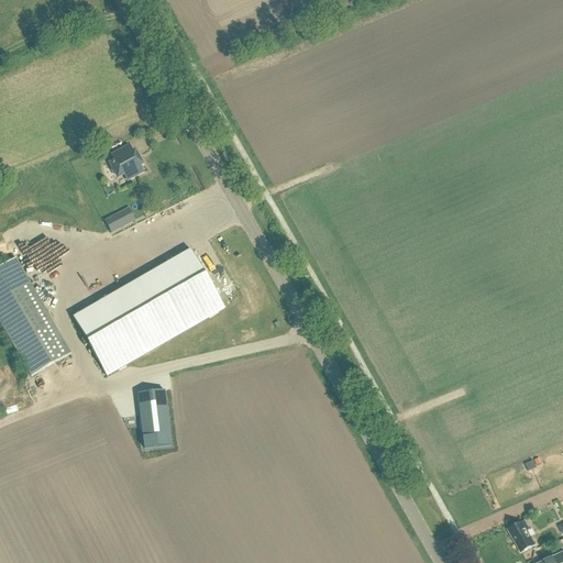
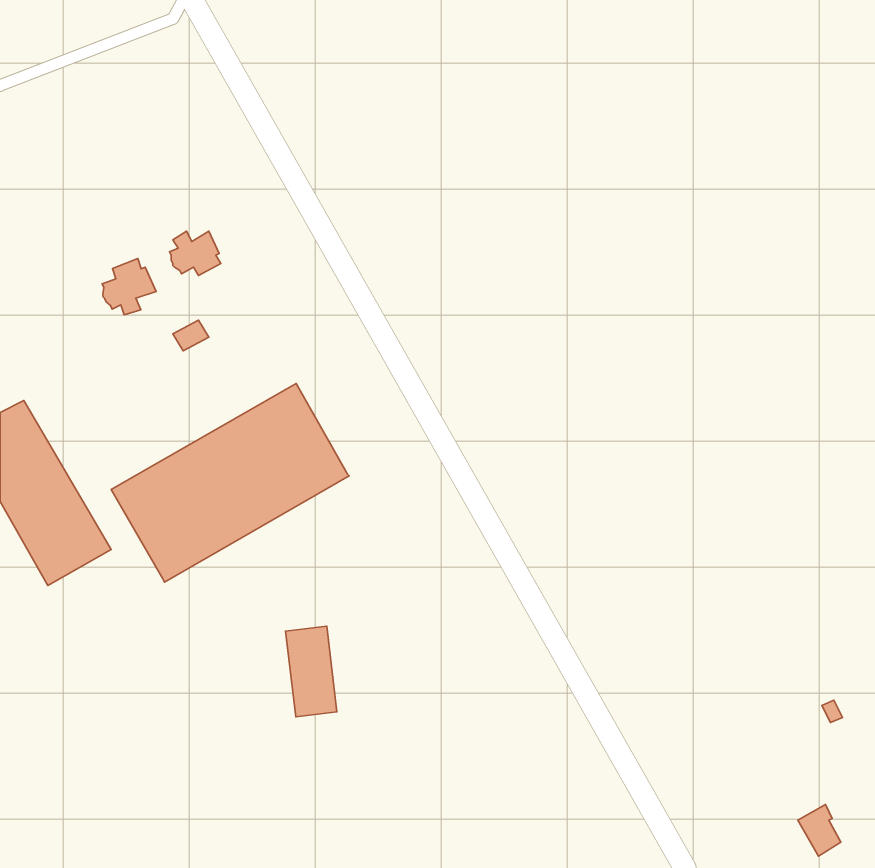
building: none -> [102,259,156,315]
building: [137,387,170,445] -> [286,626,337,717]

